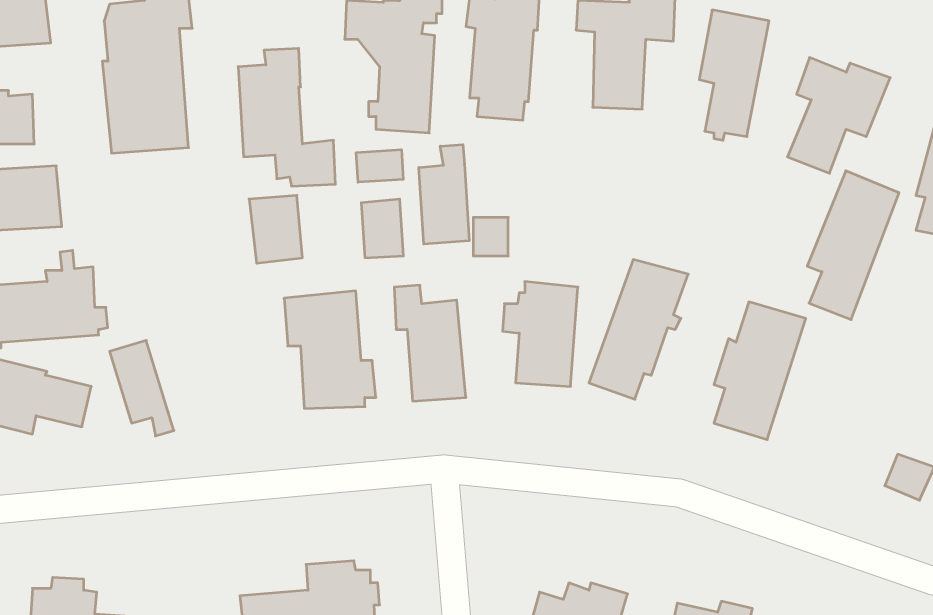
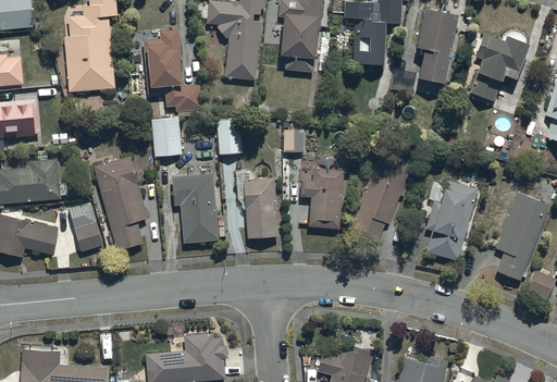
building: [419,145,469,244] -> none
building: [356,150,403,182] -> none
building: [807,171,899,320] -> [495,193,549,281]
building: none -> [92,156,148,250]

